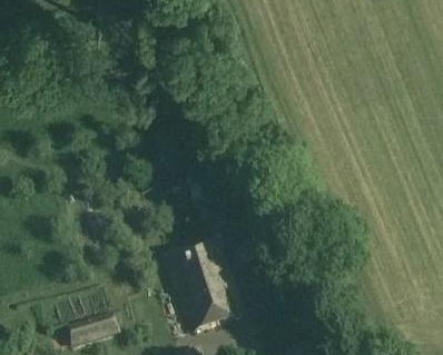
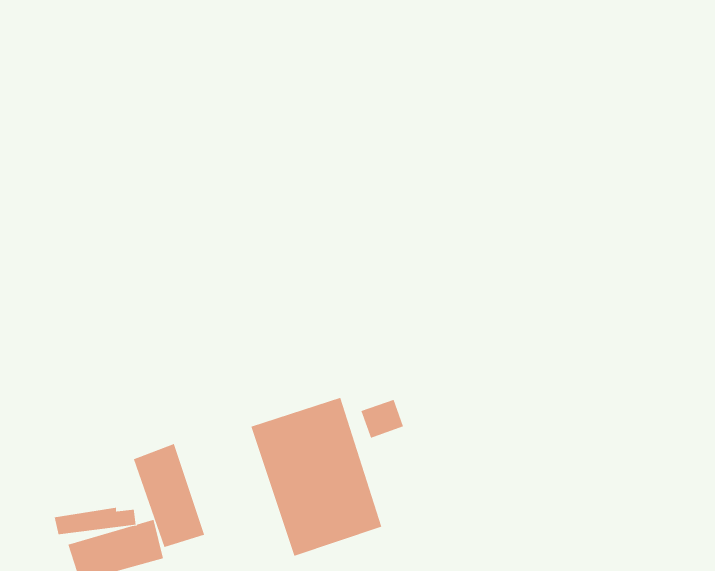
building: none -> [133,443,205,548]

